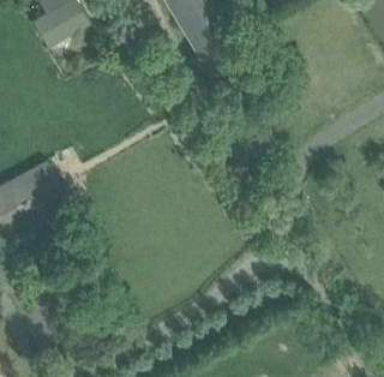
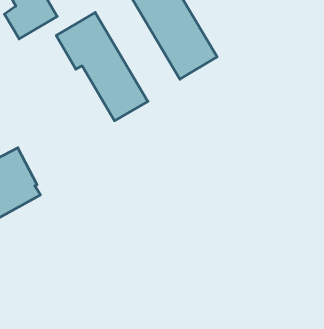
building: none -> [56,12,148,121]

